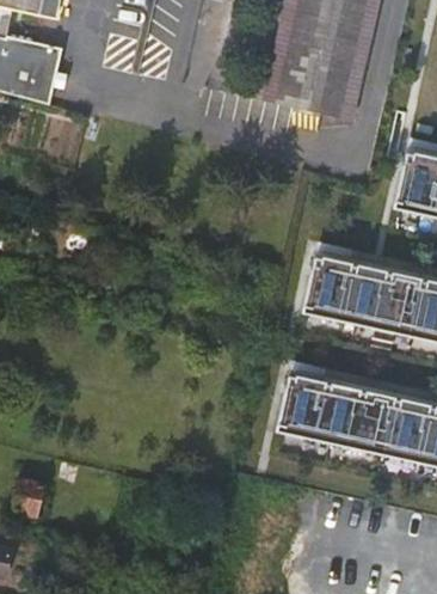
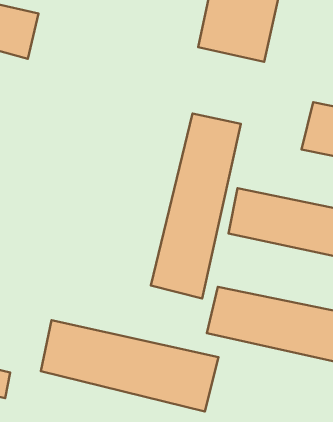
building: none -> [151,114,241,299]
building: none -> [41,320,219,411]

